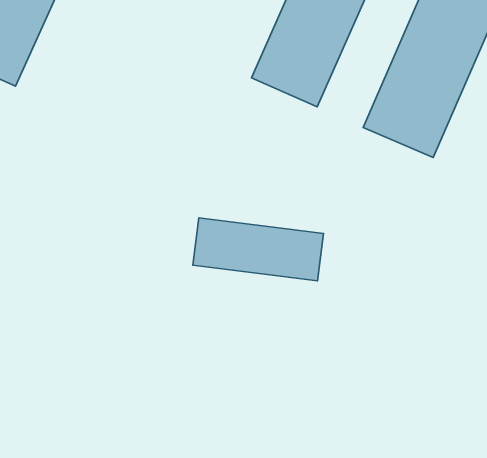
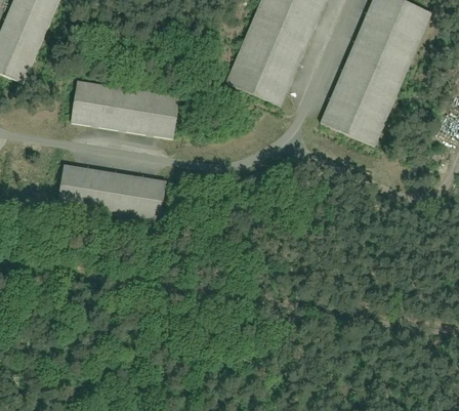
building: none -> [67,81,176,134]
building: [193,218,324,281] -> [56,166,167,219]

